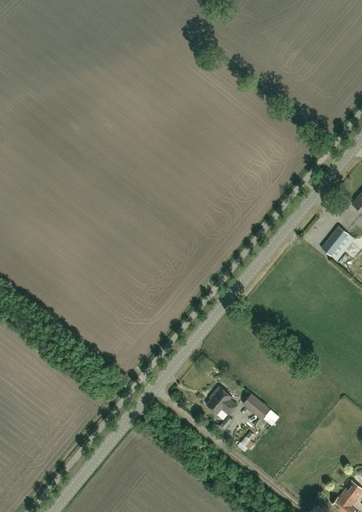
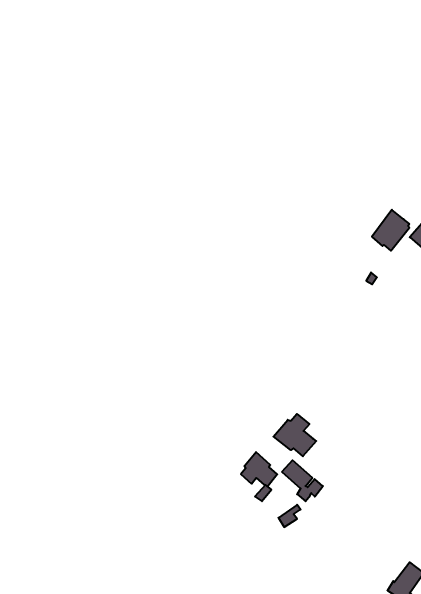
building: [321,226,353,261] -> [372,210,409,251]
building: none -> [273,414,316,456]

